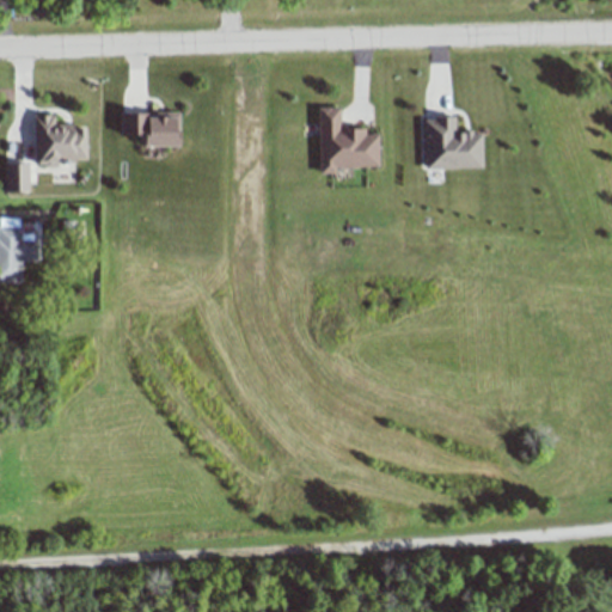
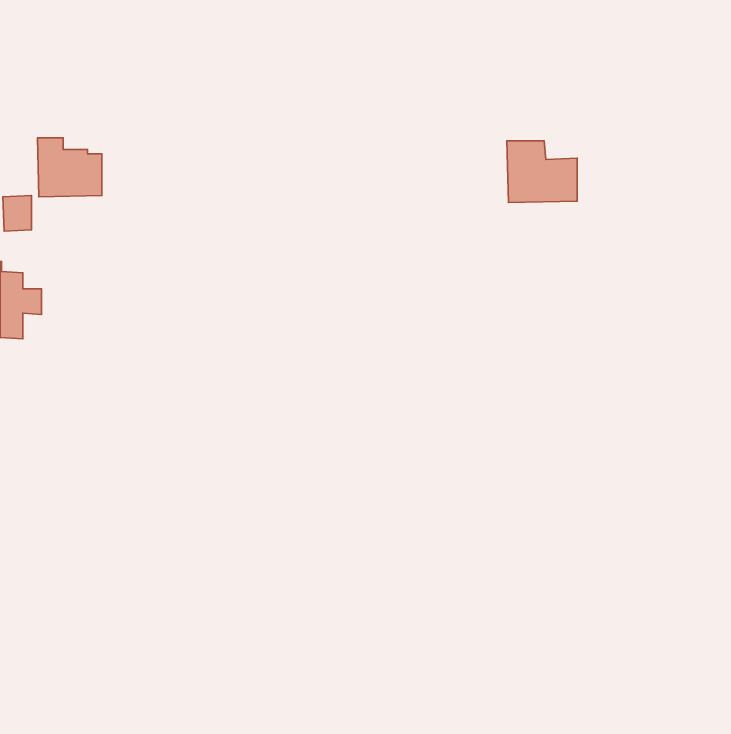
building: [319,106,379,173] -> none
building: [121,112,180,147] -> none

